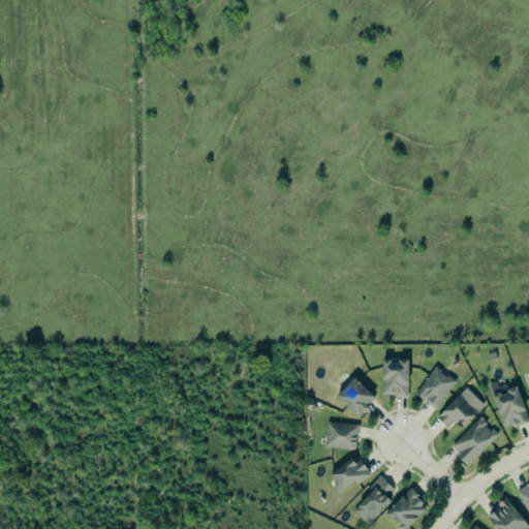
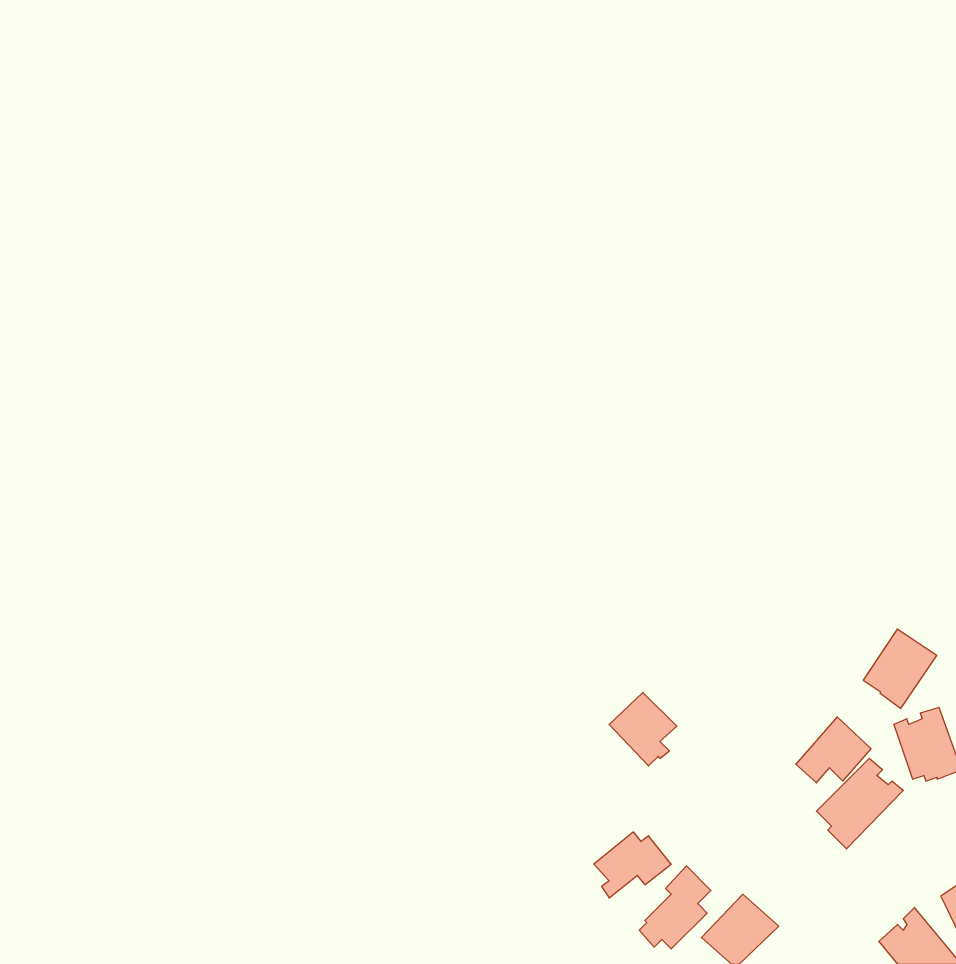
building: [382,361,409,398] -> none
building: [418,367,459,410] -> [863,629,937,708]
building: [328,422,362,450] -> none

